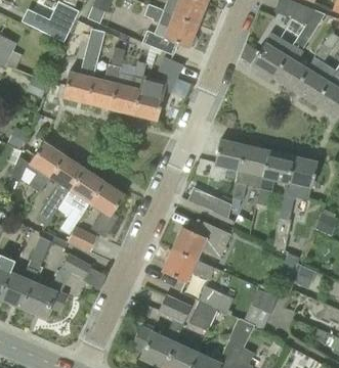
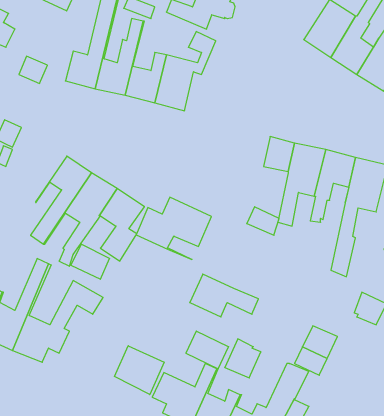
building: [29,142,63,191] -> none
building: [171,219,230,268] -> [136,197,211,259]
building: [199,285,234,313] -> none
building: none -> [114,346,164,395]

